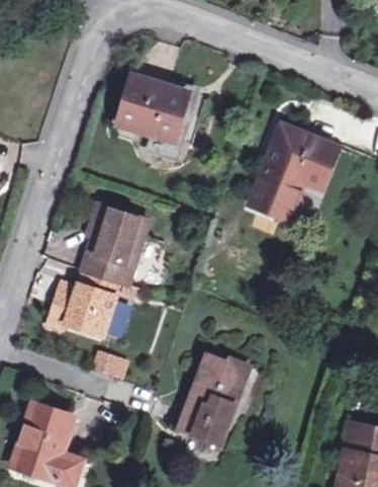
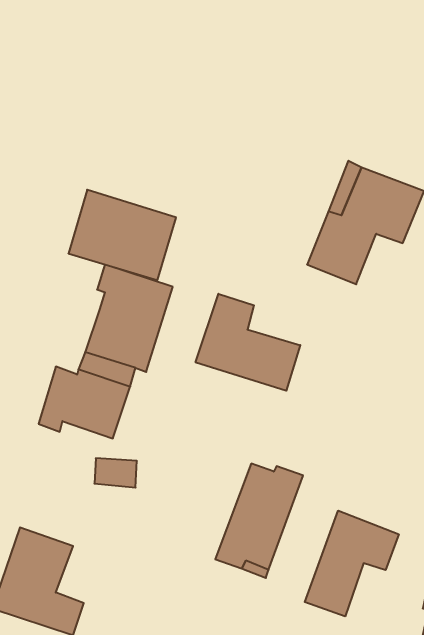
building: [116,75,198,144] -> [68,190,176,280]
building: none -> [196,294,300,391]
building: none -> [305,511,399,616]

